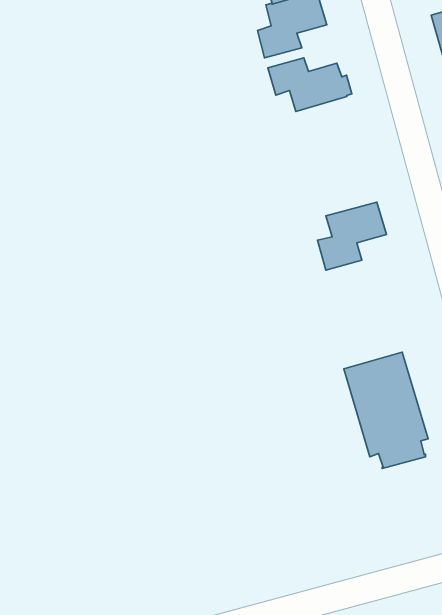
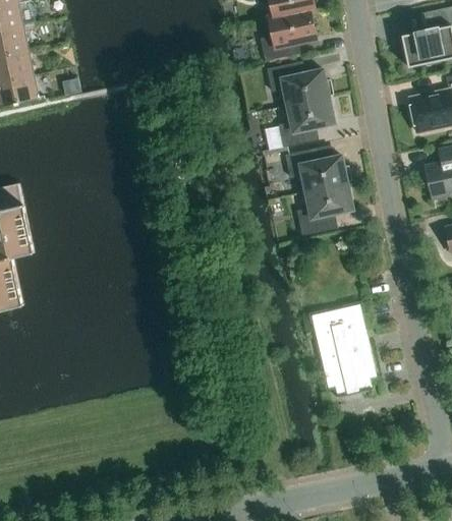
building: none -> [279,97,335,148]
building: none -> [285,149,351,191]

